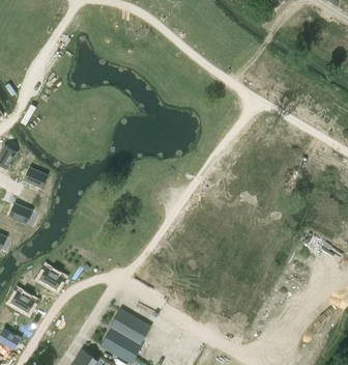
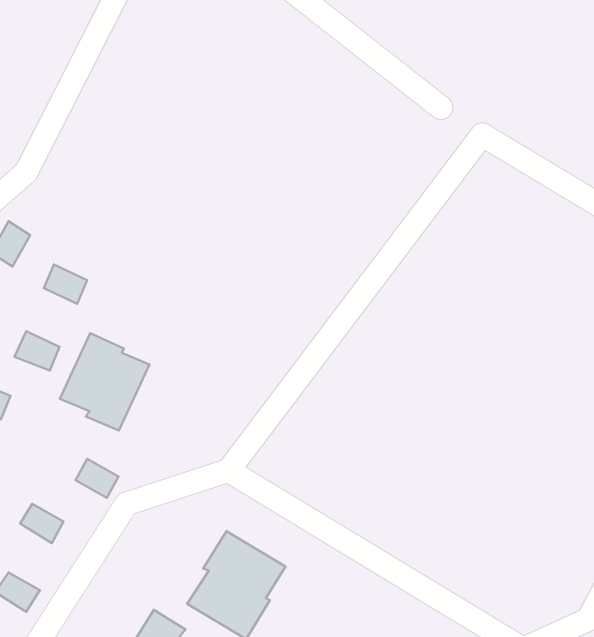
building: none -> [60,333,149,431]

